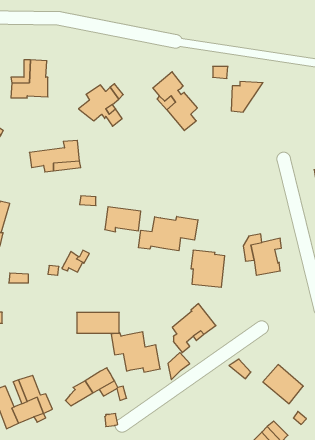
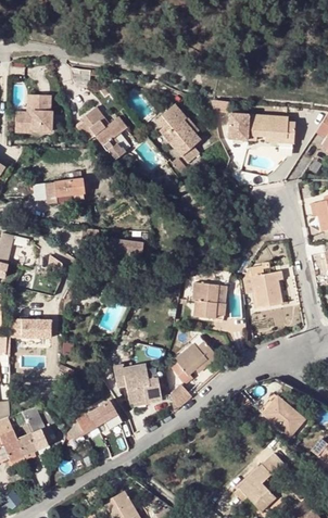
building: none -> [249,116,295,144]
building: [139,216,198,251] -> none
building: [77,312,119,333] -> [12,318,54,339]

